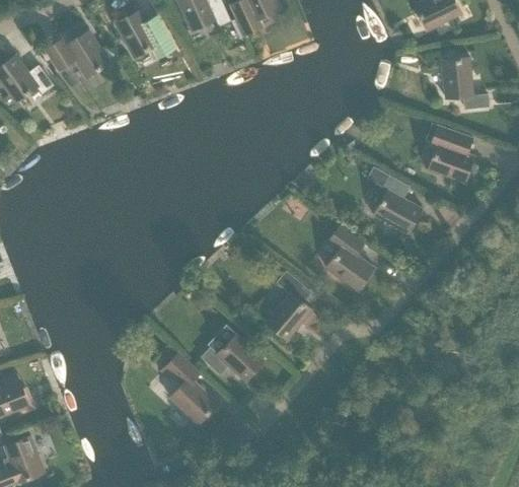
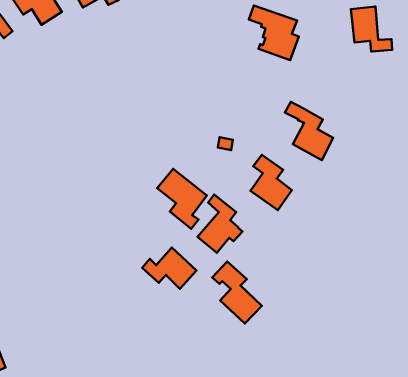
building: [417,120,474,183] -> [249,5,299,60]
building: none -> [157,169,207,229]
building: [160,353,217,424] -> [212,262,262,323]

